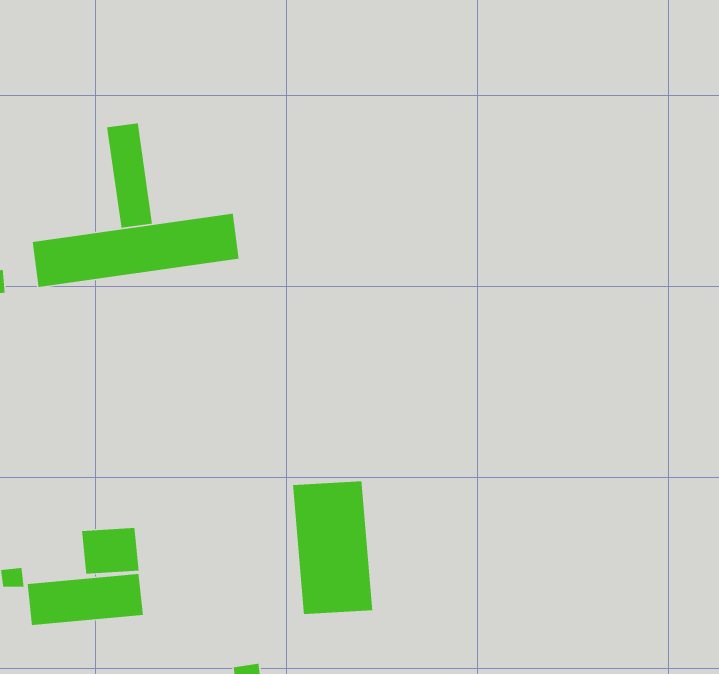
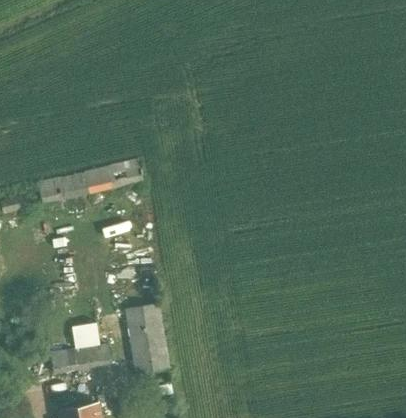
building: [106,123,153,228] -> none
building: [292,481,373,615] -> [123,303,169,373]

